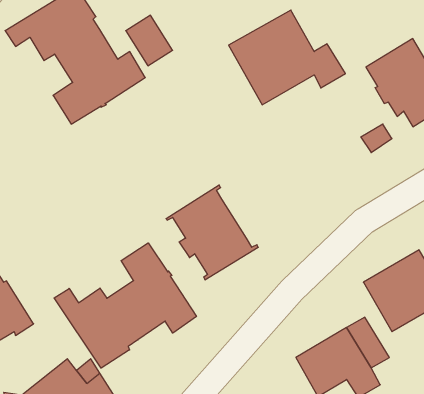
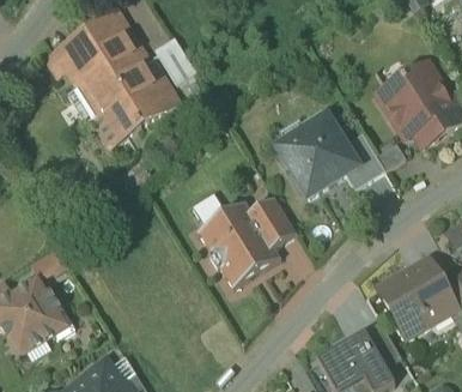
building: [229,10,345,105] -> [276,114,384,201]
building: none -> [248,189,297,247]
building: [54,243,196,368] -> none

